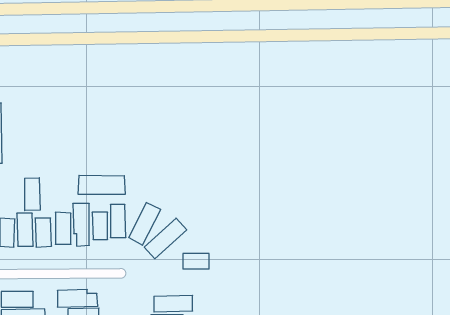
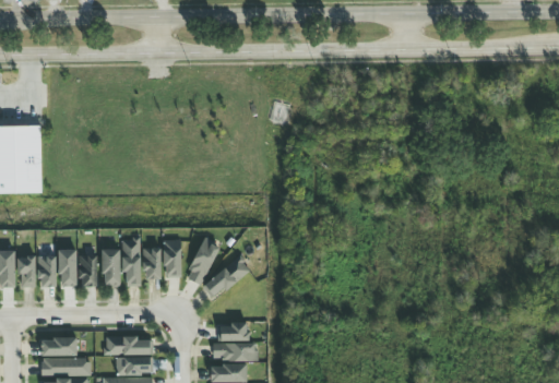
building: [78,175,125,194] -> none
building: [25,178,40,211] -> none
building: [183,254,209,269] -> [217,323,247,340]

